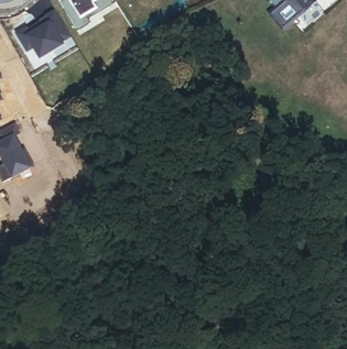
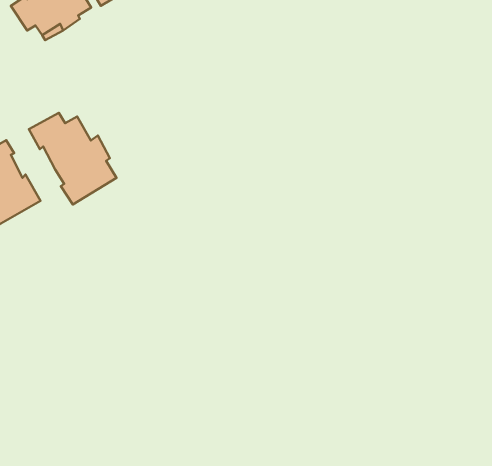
building: none -> [29,113,116,205]

